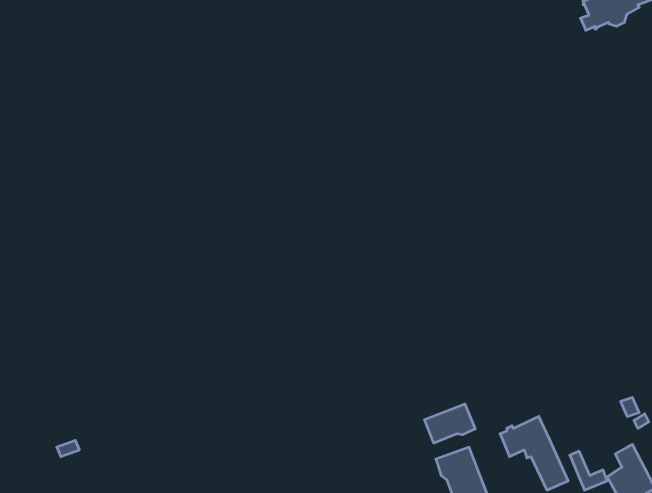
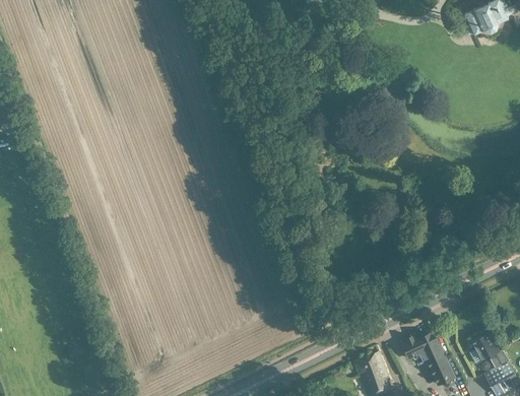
building: [425,404,475,443] -> none
building: none -> [472,334,499,361]

